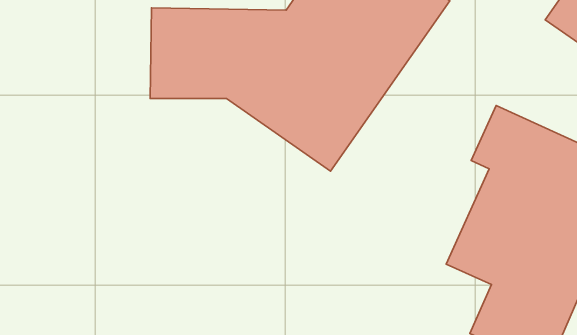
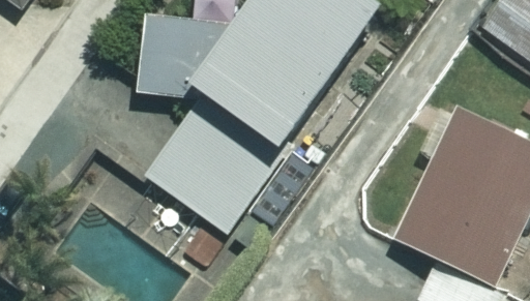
building: none -> [124,111,268,240]

